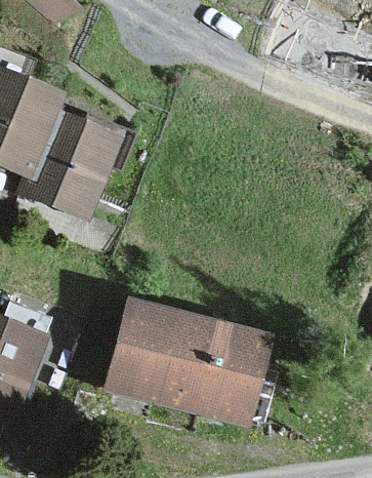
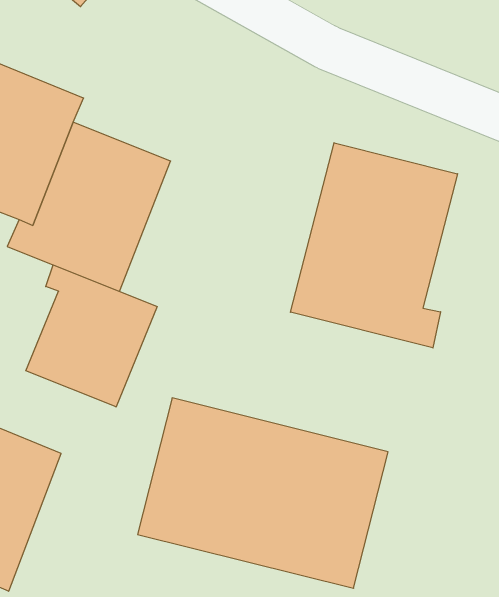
building: none -> [290,143,458,348]
building: none -> [26,265,157,407]

